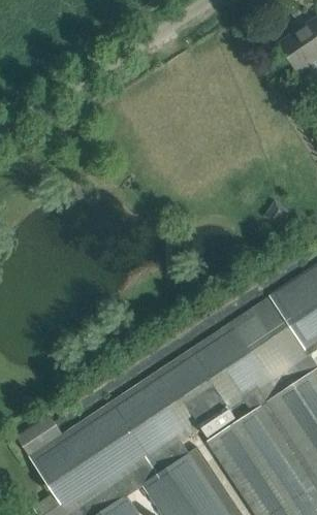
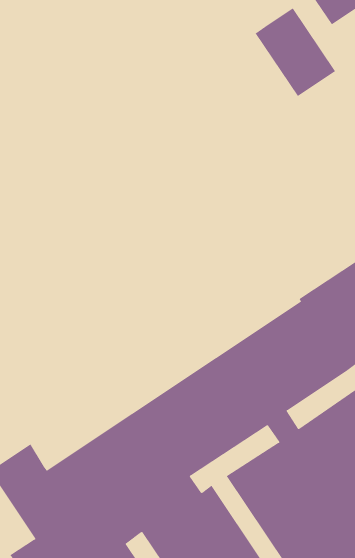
building: none -> [255,8,336,97]

